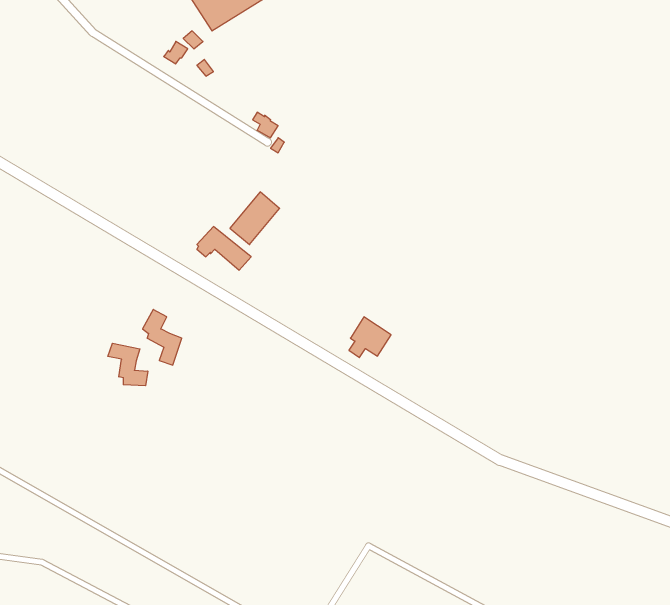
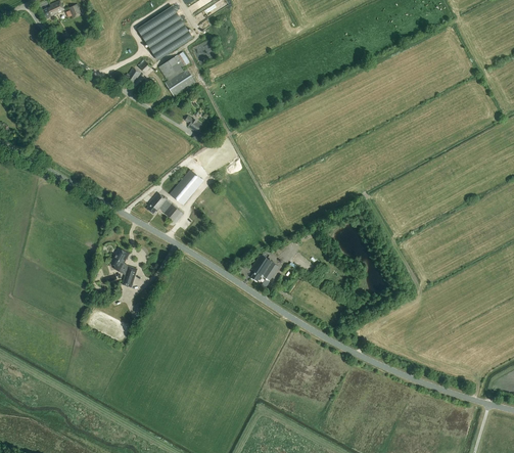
building: none -> [158,51,196,96]
building: [108,343,148,386] -> none

